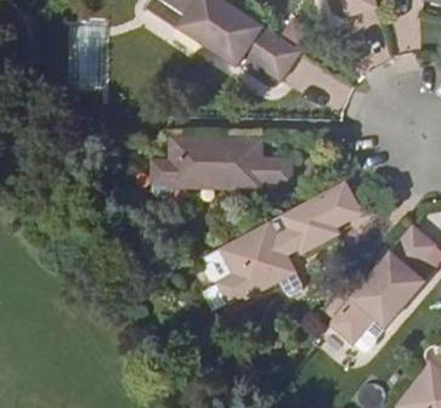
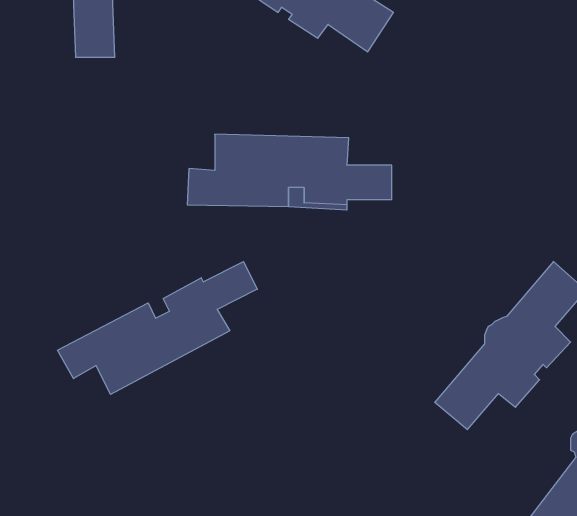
building: [216,182,361,305] -> none
building: none -> [58,262,257,394]

